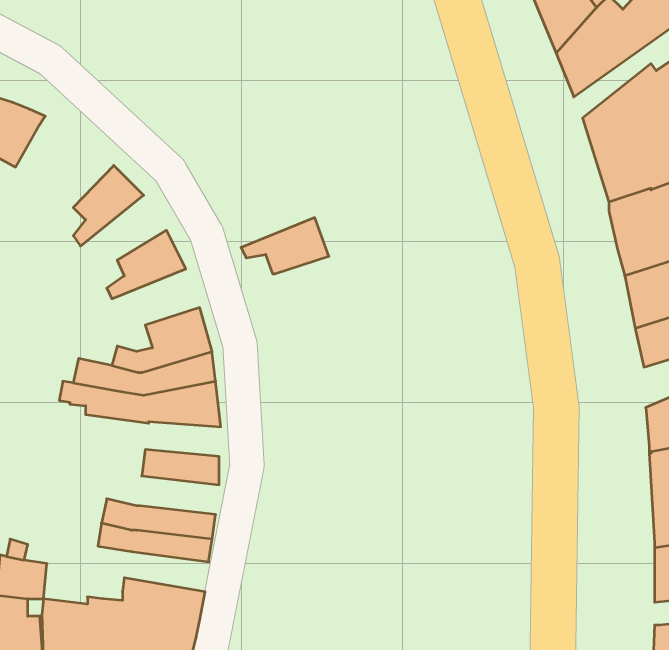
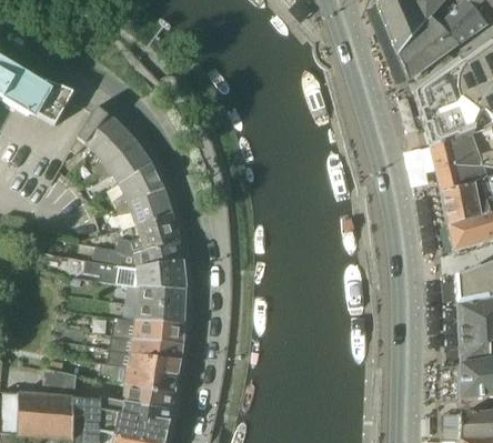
building: none -> [70,104,118,152]
building: none -> [97,141,151,182]
building: [241,218,329,274] -> [117,188,172,223]
building: none -> [138,284,185,306]
building: none -> [113,316,184,343]
building: none -> [99,362,178,392]

